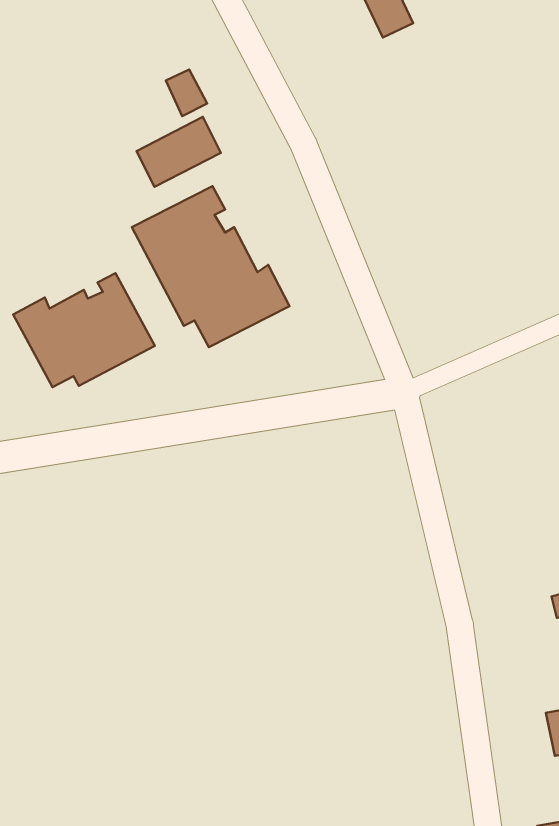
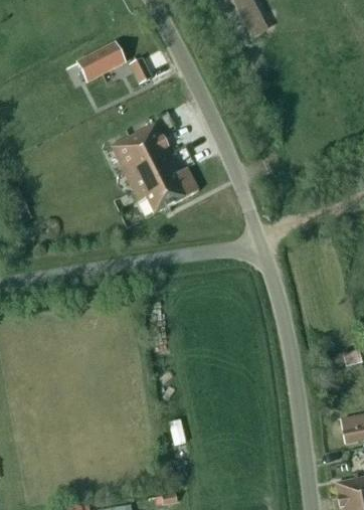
building: [137,117,221,187] -> [76,42,124,81]
building: [13,273,155,387] -> none

